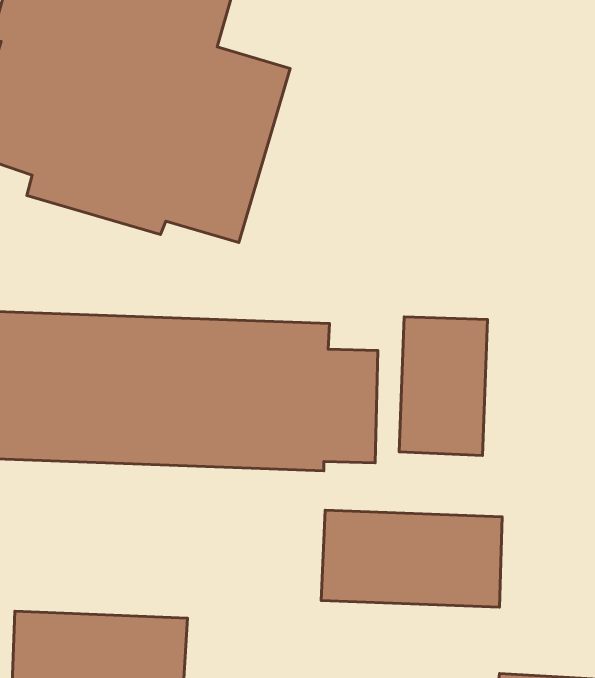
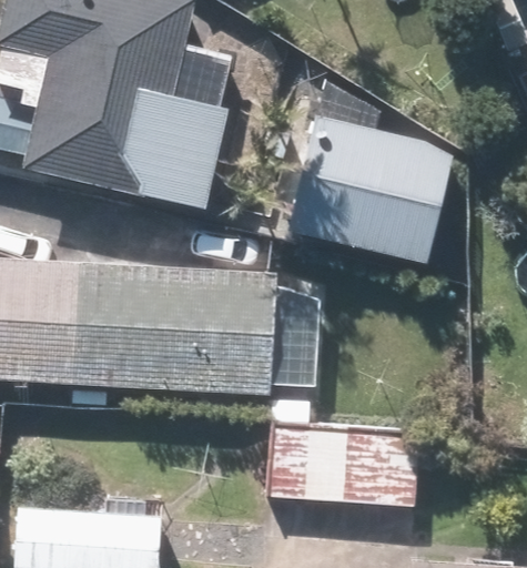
building: none -> [286,112,456,265]
building: [399,317,488,455] -> none

